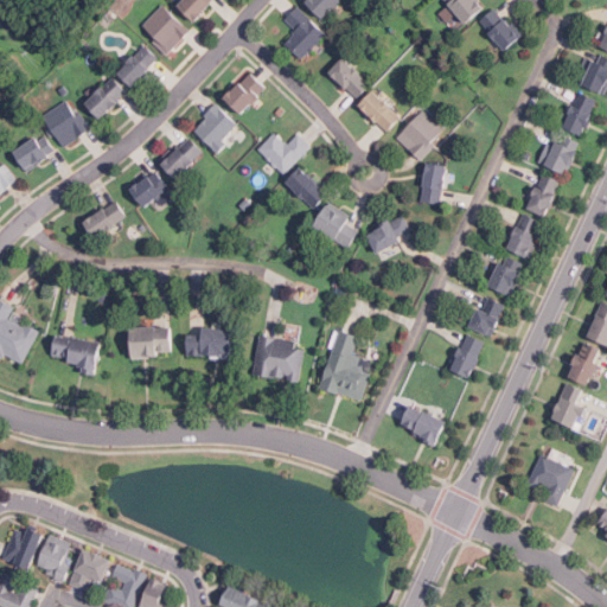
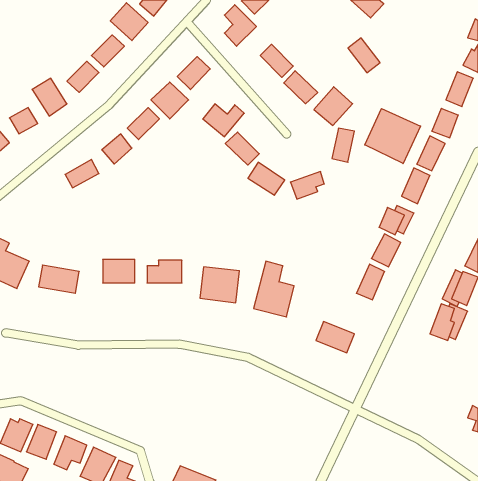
building: [478,7,518,51] -> [348,38,380,73]
building: none -> [365,109,421,164]
building: [525,455,573,509] -> none

